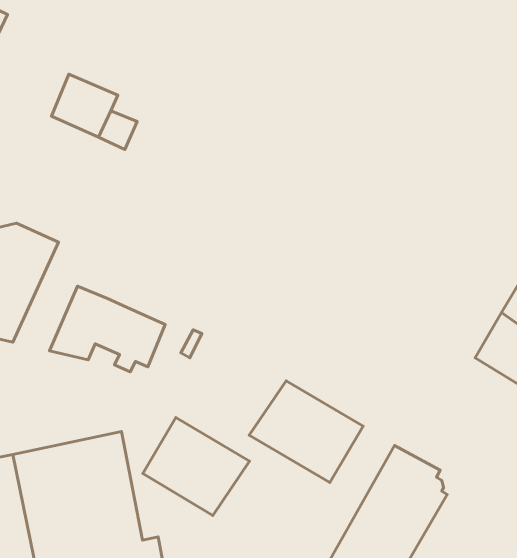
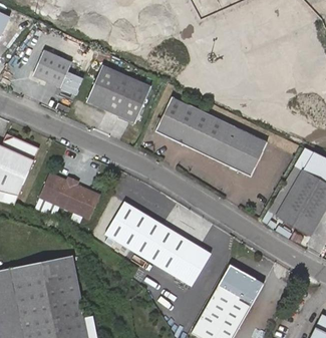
building: none -> [85,63,150,121]
building: none -> [156,96,267,176]
building: [143,417,250,516] -> [106,202,168,258]

